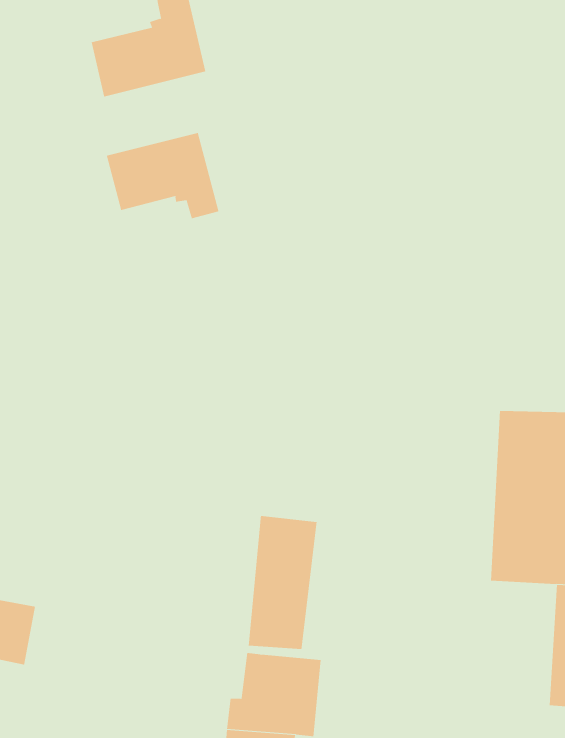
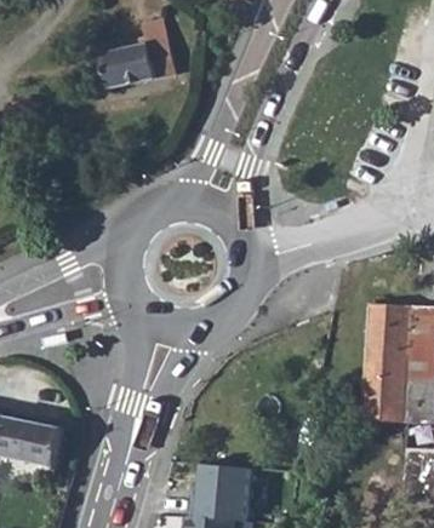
building: [106,132,219,219] -> none
building: [248,515,317,650] -> none

